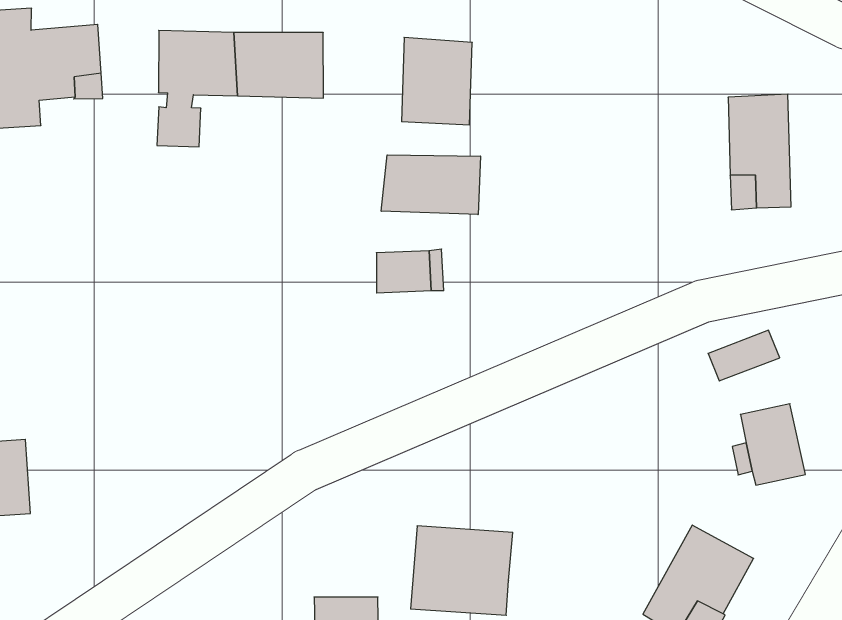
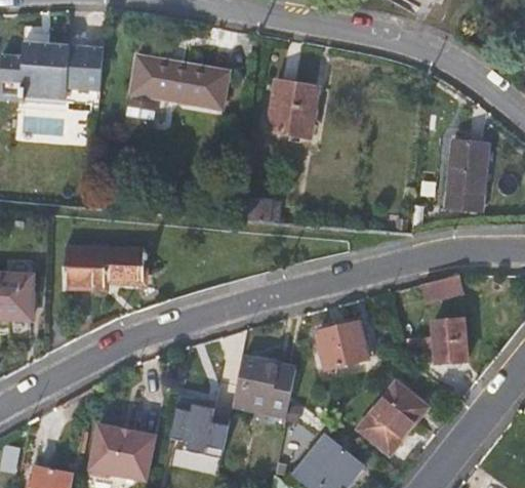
building: [381,155,480,215] -> none
building: none -> [62,250,145,291]
building: none -> [315,321,366,367]

